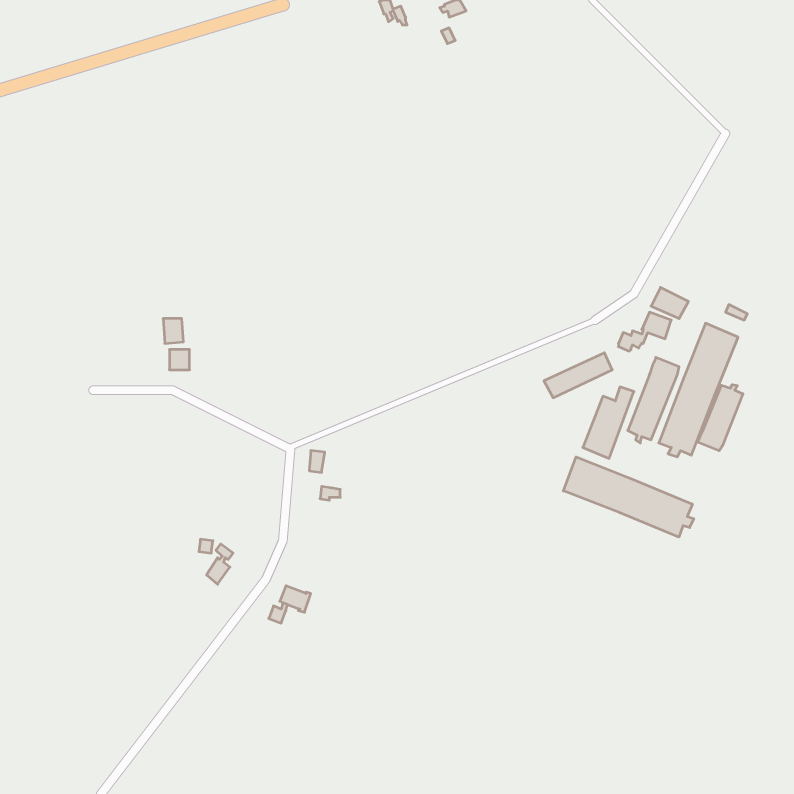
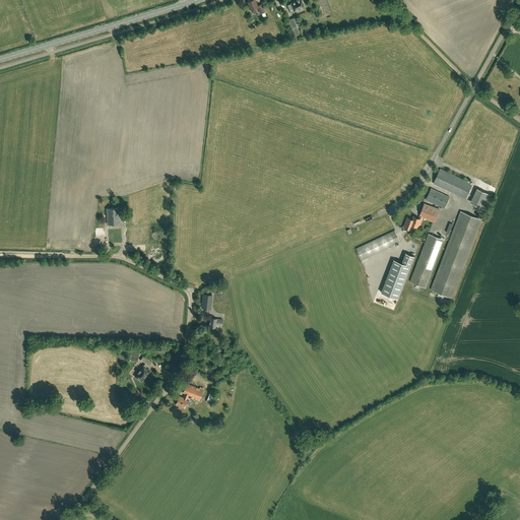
building: none -> [434,169,472,199]
building: [698,385,743,451] -> none
building: [563,457,694,537] -> none

